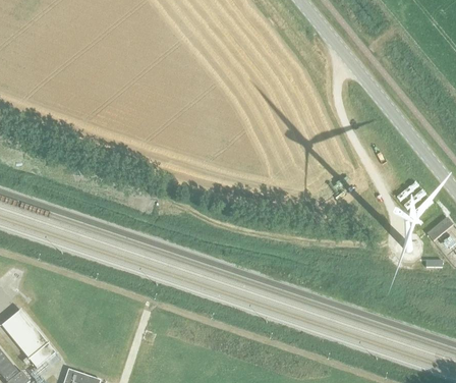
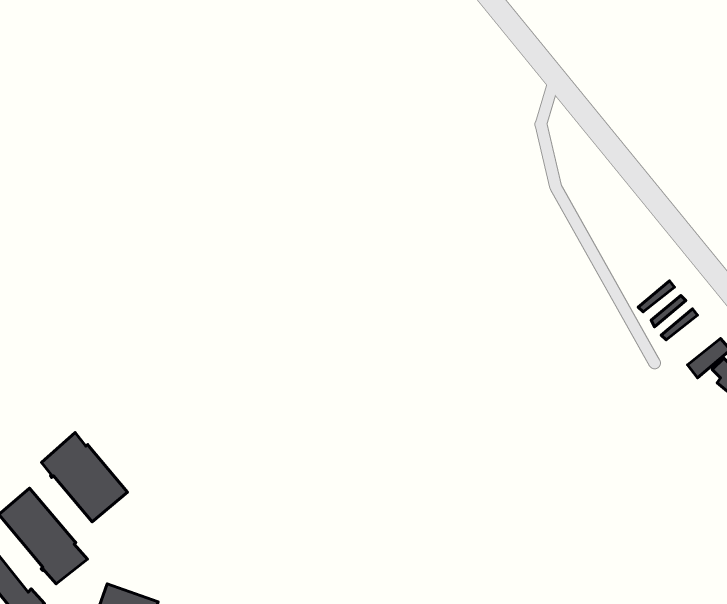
building: none -> [41,433,128,522]

